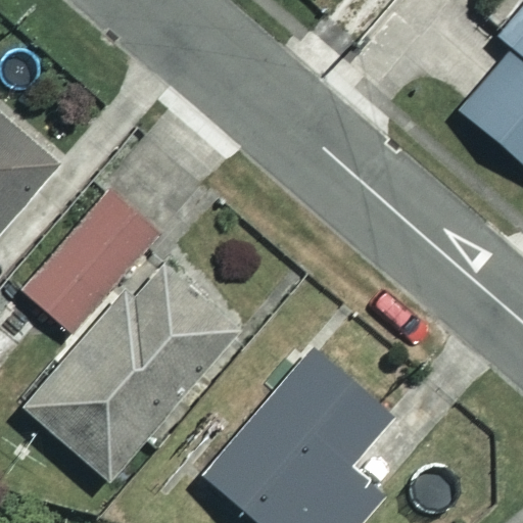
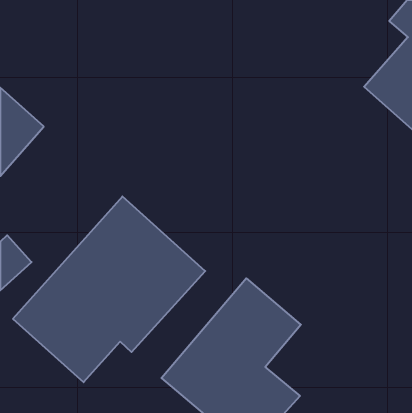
building: [19,191,154,333] -> none

